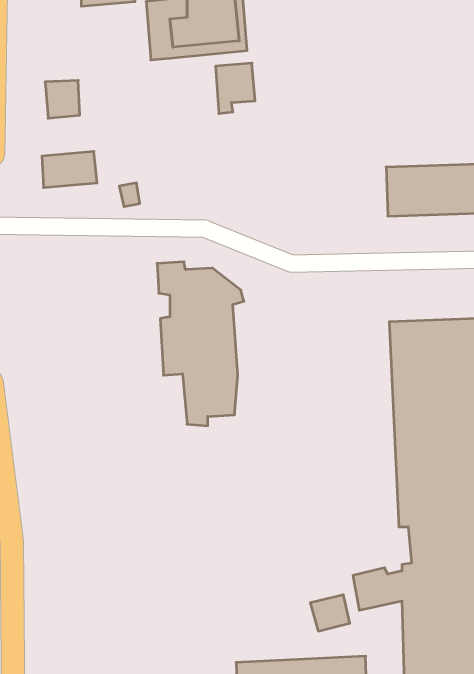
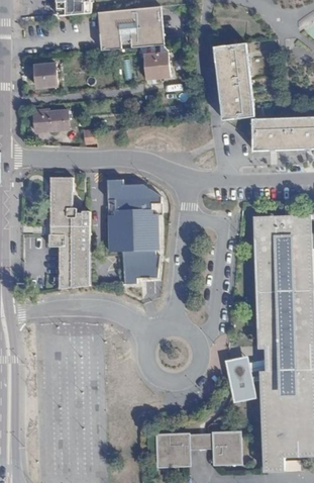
building: none -> [212,42,253,119]
building: none -> [47,177,88,288]
building: [310,595,350,631] -> [225,357,250,380]

